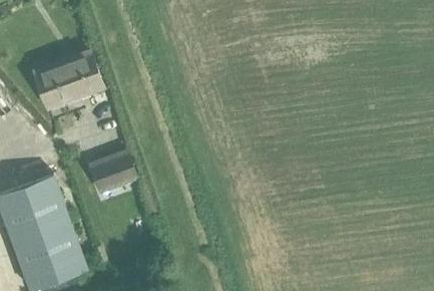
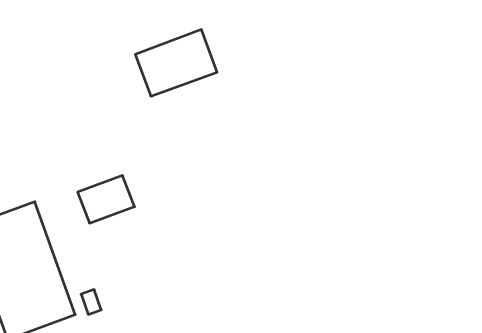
building: [34,51,103,107] -> [135,30,217,96]

